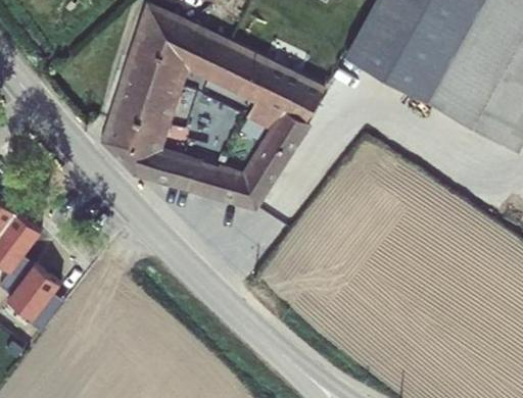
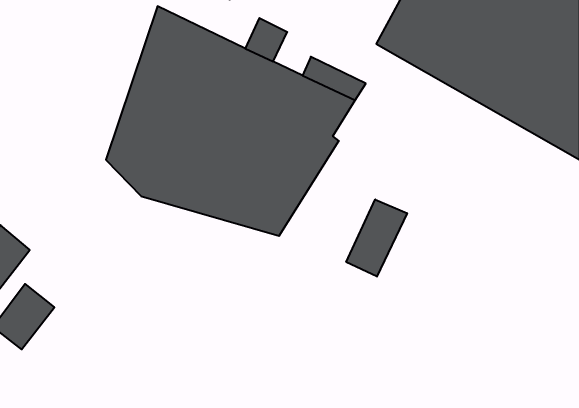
building: none -> [346,199,407,277]

